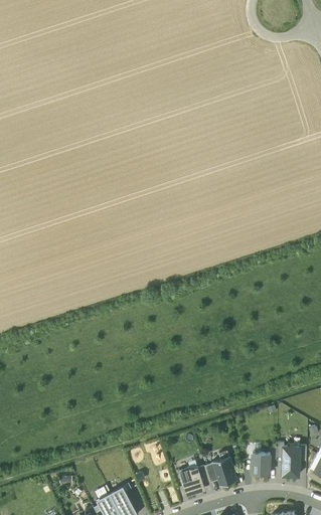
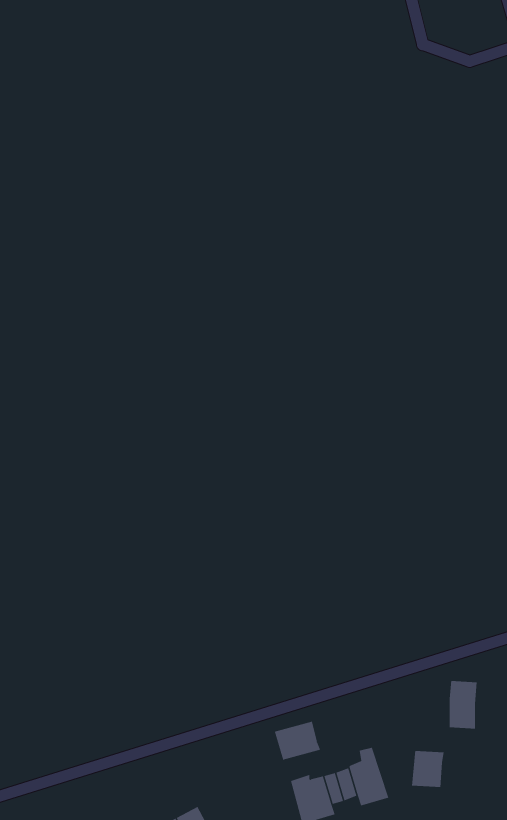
building: none -> [274,721,321,760]
building: [283,447,300,476] -> [449,680,477,729]

